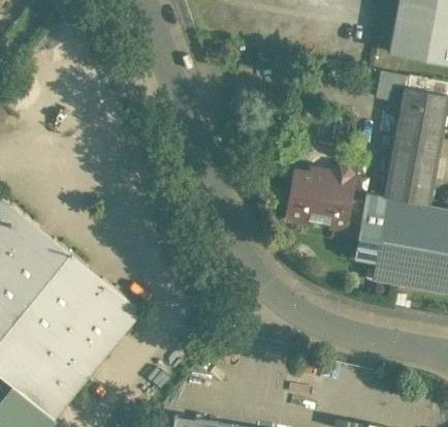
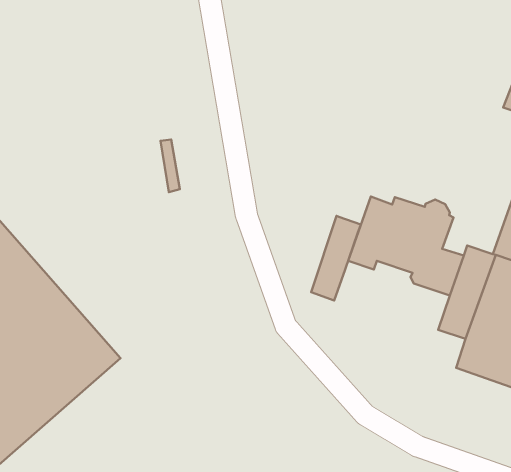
building: none -> [311,216,361,300]

